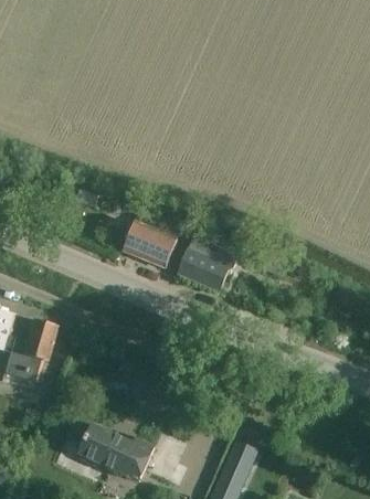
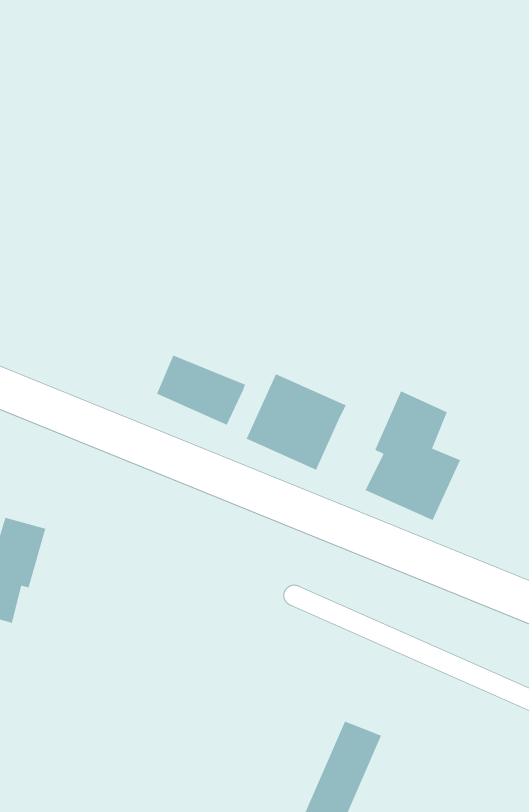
building: none -> [365,391,461,521]
building: [67,418,155,478] -> none

